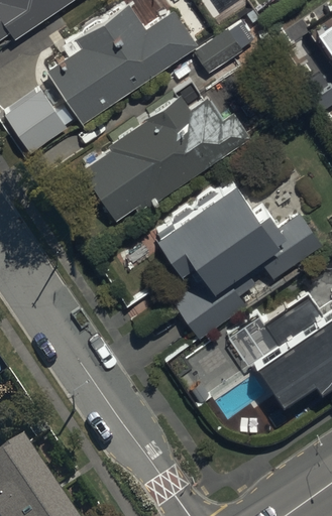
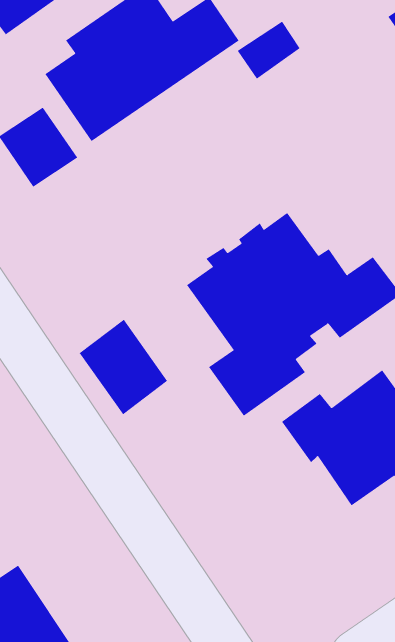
building: [83,92,248,217] -> none
building: none -> [79,319,168,415]

